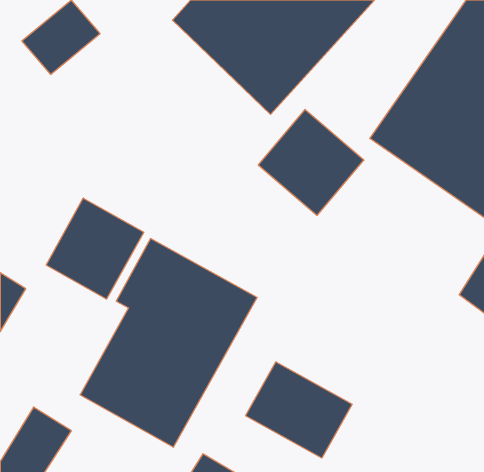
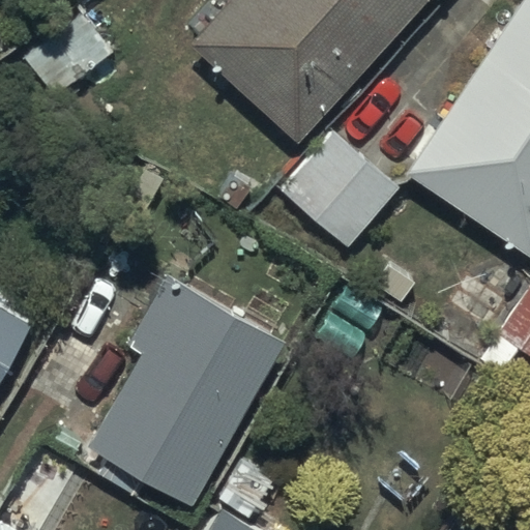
building: [46,198,144,299] -> none
building: [246,362,352,458] -> none

